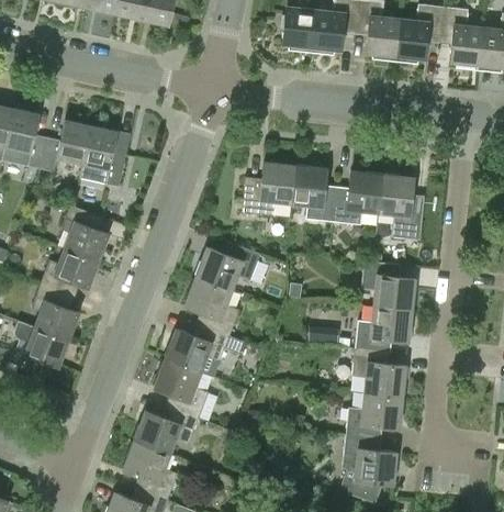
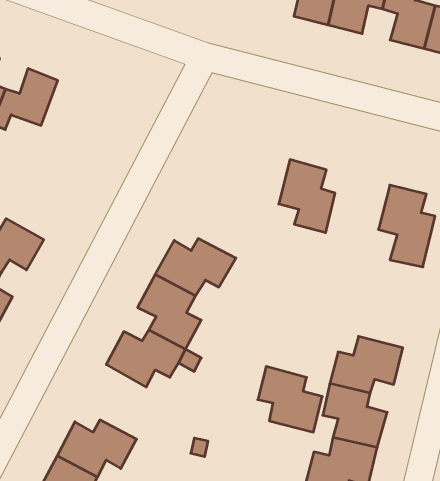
building: [80,125,125,186] -> none
building: [240,162,295,215] -> none
building: [334,170,382,225] -> none
building: [61,204,108,260] -> none
building: [361,260,415,310] -> [258,367,322,432]
building: [154,358,209,418] -> none

